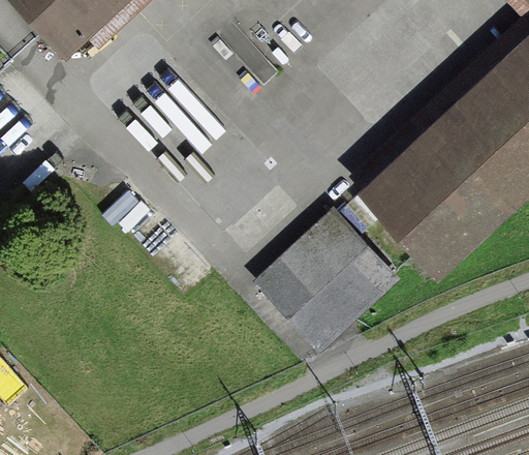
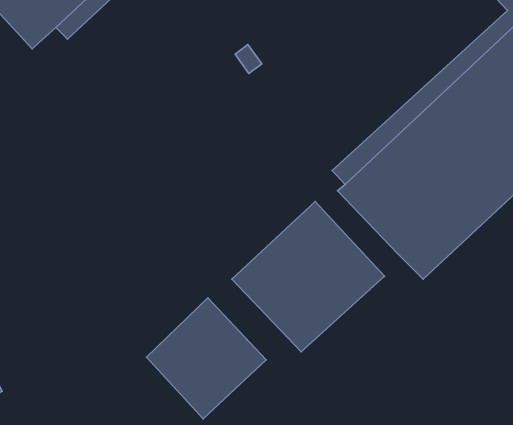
building: none -> [146,298,266,419]

